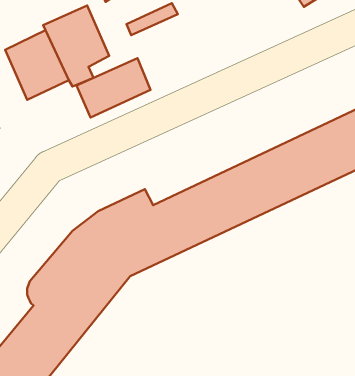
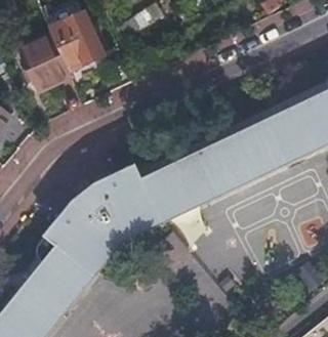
building: [76,58,151,118] -> none

